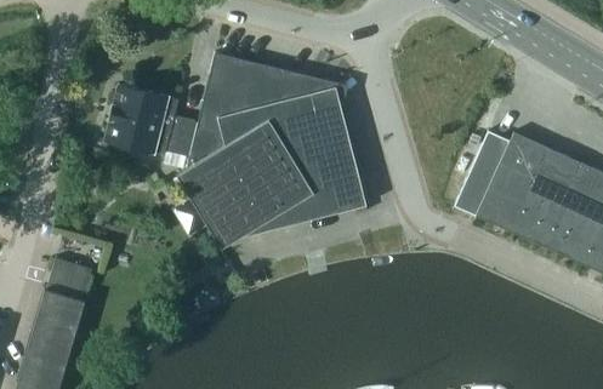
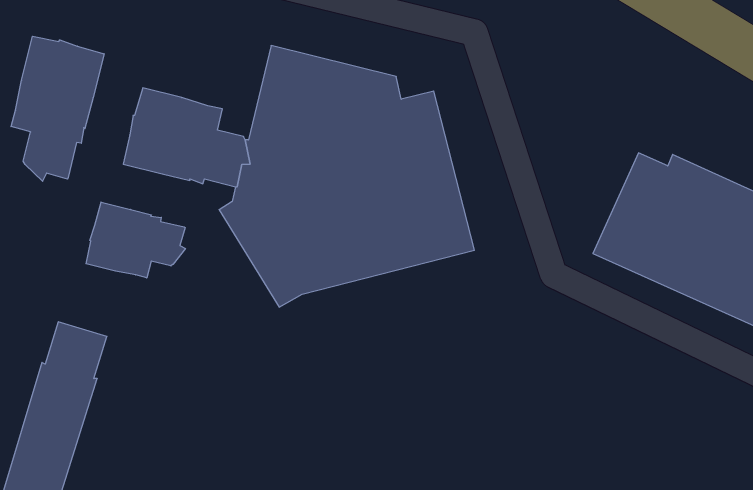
building: none -> [11,36,104,181]
building: none -> [86,202,185,278]

